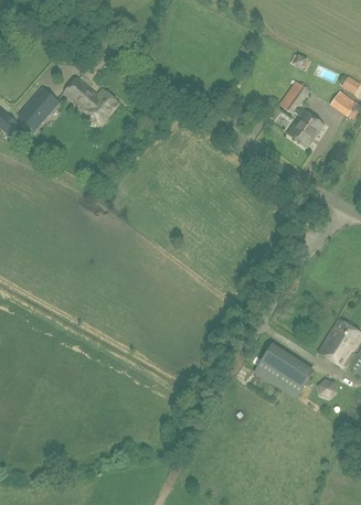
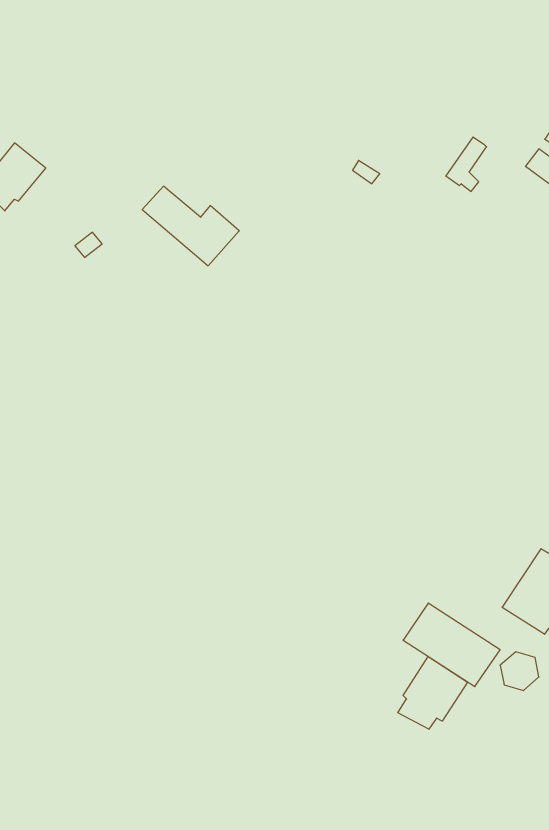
building: [64,76,119,121] -> [142,186,239,266]
building: [287,108,322,146] -> none
building: none -> [398,656,467,729]

